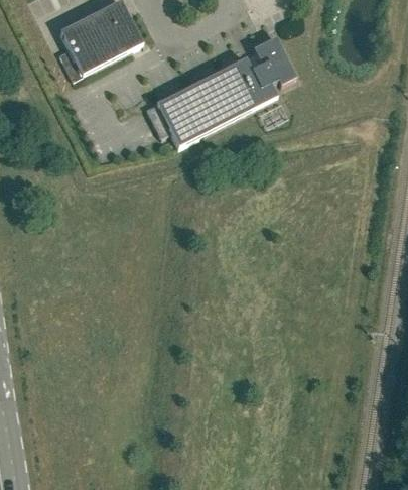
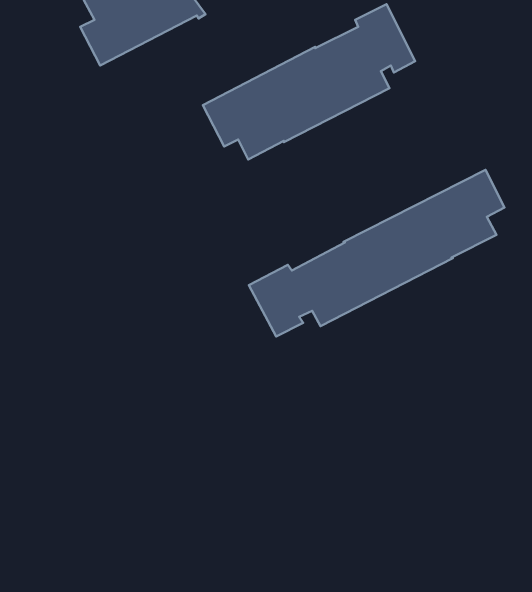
building: none -> [249,170,505,336]

